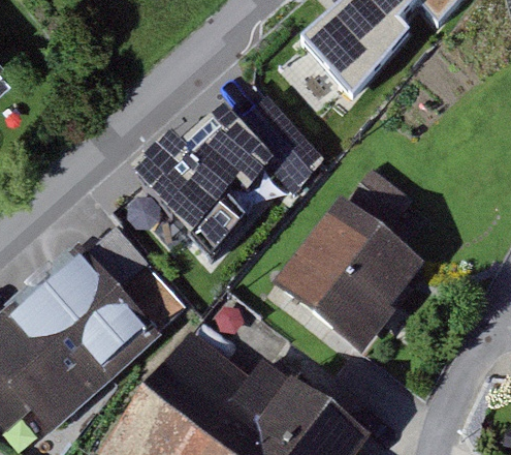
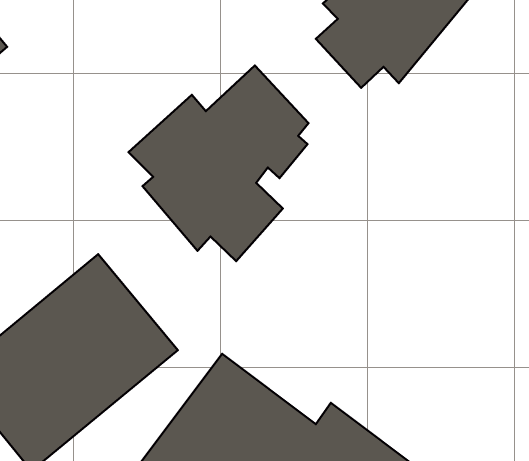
building: [287,206,432,351] -> none

